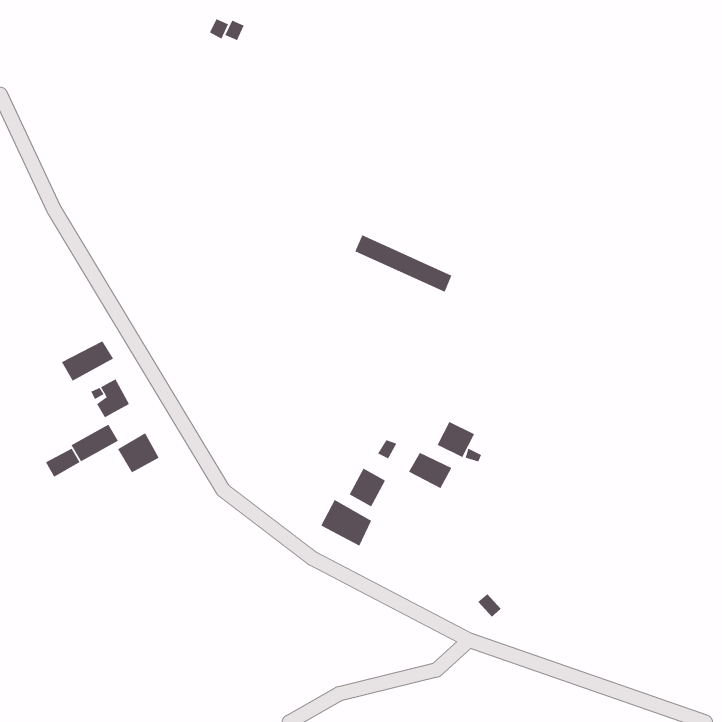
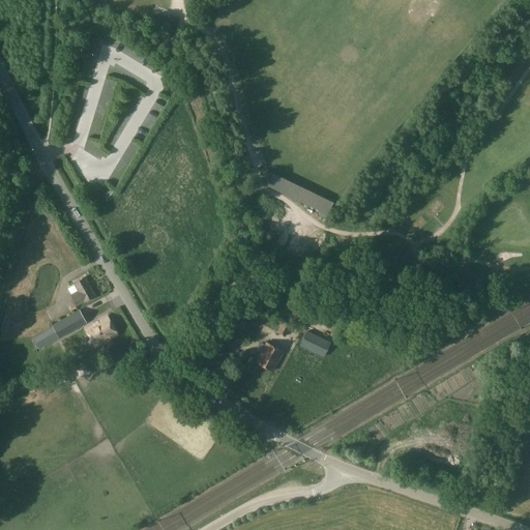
building: [61,340,114,382] -> none
building: [437,421,475,458] -> none
building: [321,499,372,546] -> none

